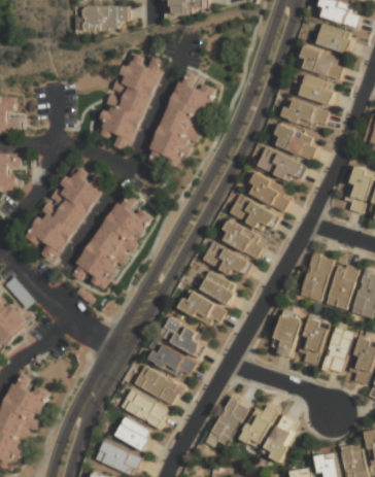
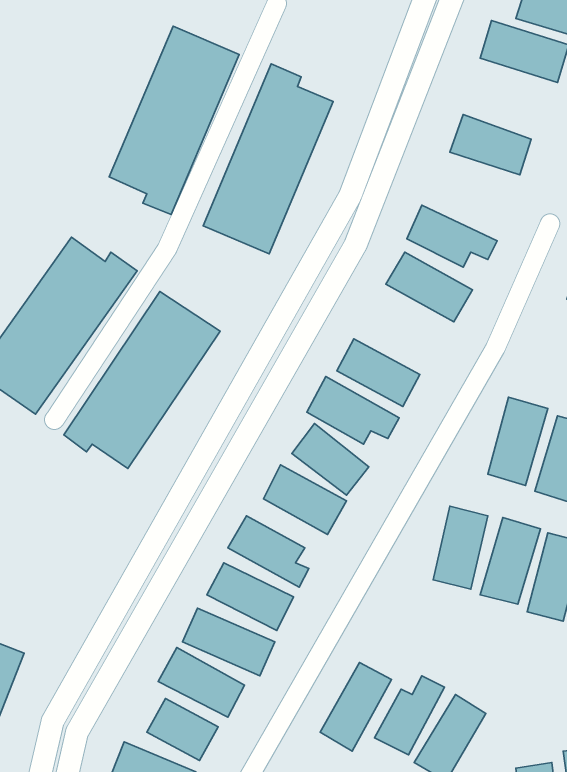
building: [299,74,336,104] -> none
building: [271,123,318,159] -> none
building: [230,194,279,229] -> none

